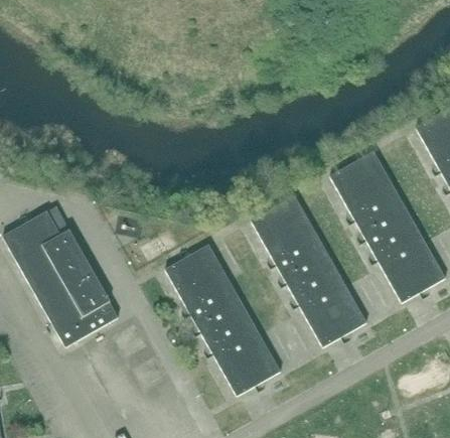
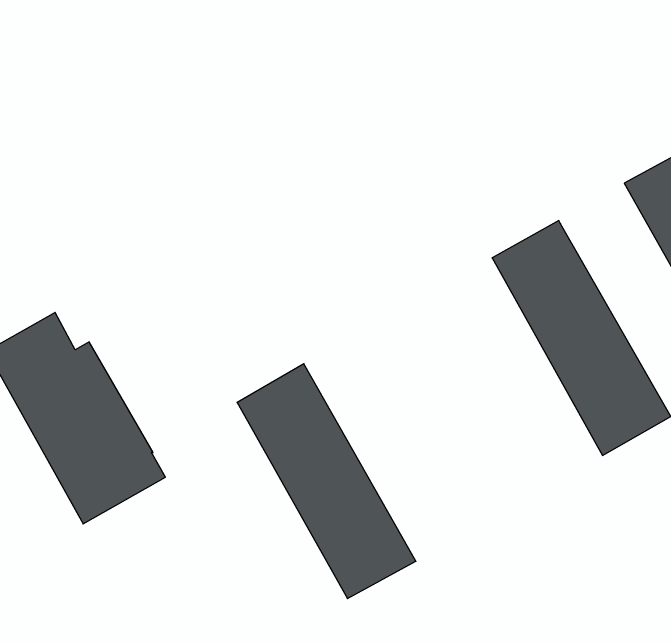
building: [251,195,367,347] -> none

